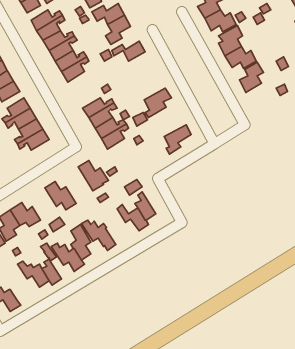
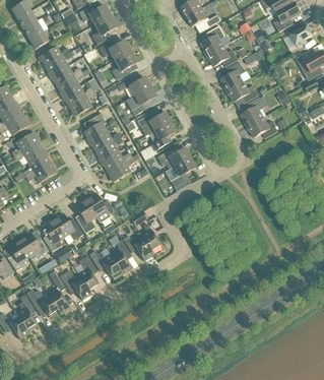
building: none -> [126,86,155,115]
building: none -> [137,112,170,135]
building: none -> [83,113,107,141]
building: none -> [248,117,278,138]
building: none -> [157,147,190,169]
building: none -> [75,198,96,233]
building: none -> [43,218,64,251]
building: none -> [112,239,132,273]
building: none -> [16,294,36,328]

